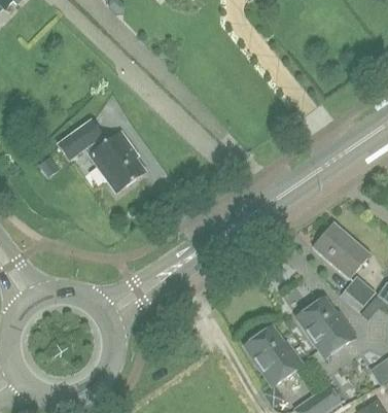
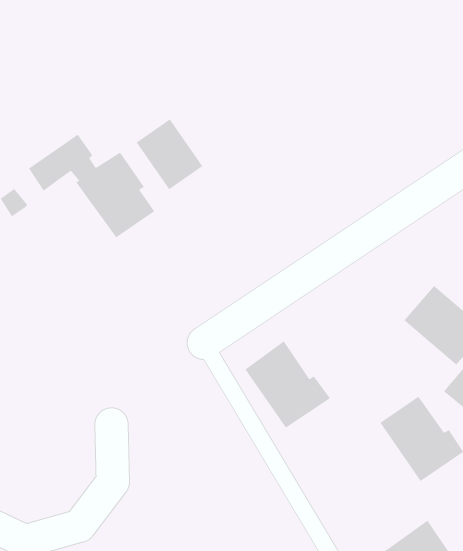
building: none -> [136,118,203,190]
building: [244,325,303,385] -> [245,341,331,428]

